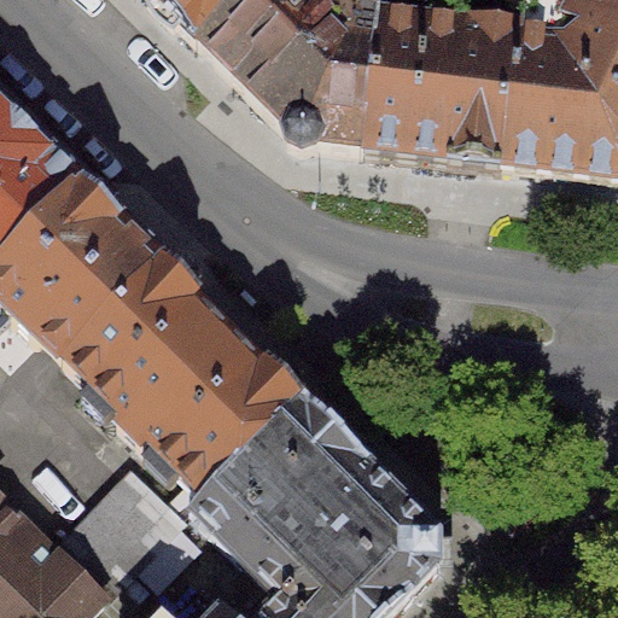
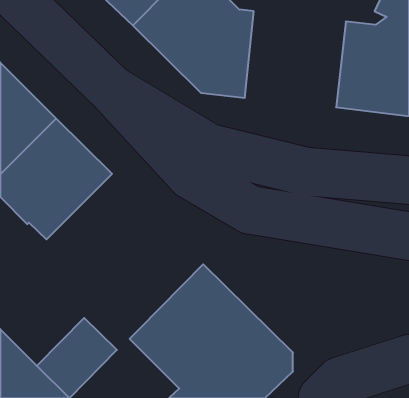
building: [369,17,523,162] -> none
building: [70,262,307,497] -> none

